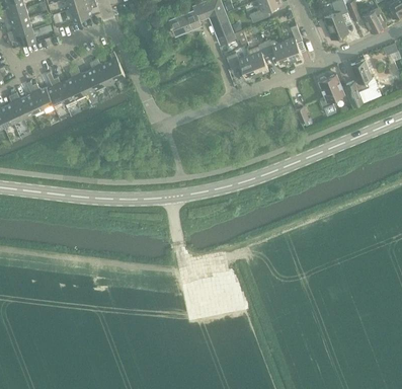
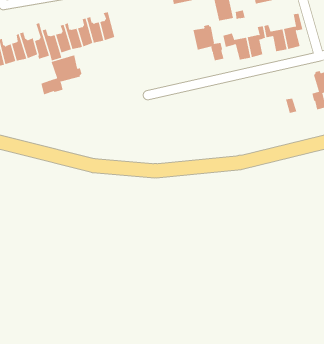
building: none -> [193,24,224,61]
building: none -> [41,54,82,95]

